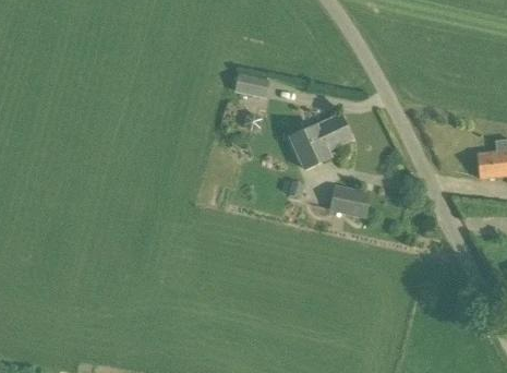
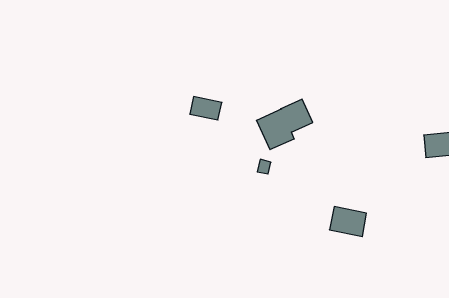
building: [234,72,270,98] -> [190,97,222,120]
building: [329,184,371,218] -> [329,207,366,237]

